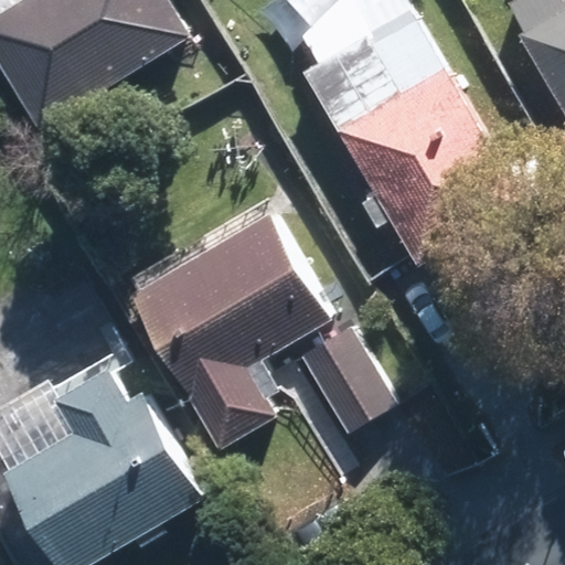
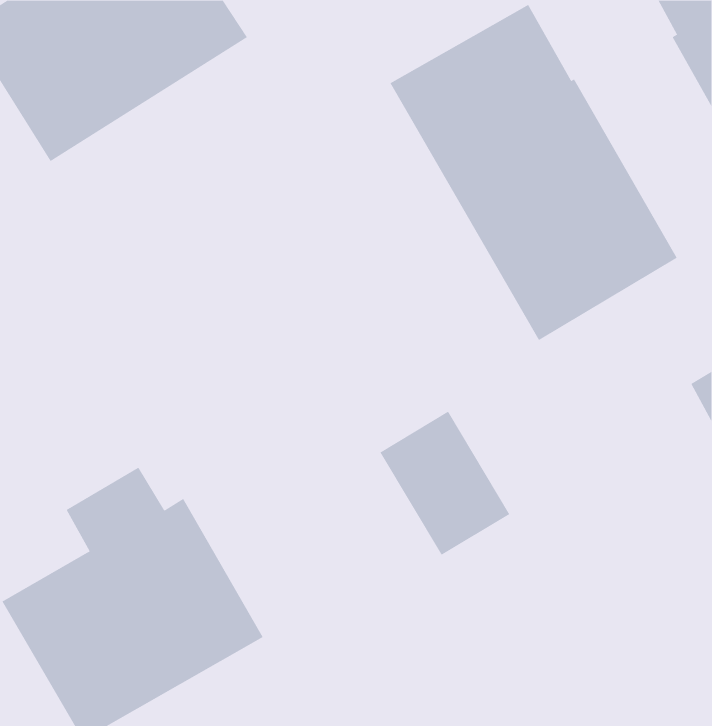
building: [131,212,330,446] -> none

